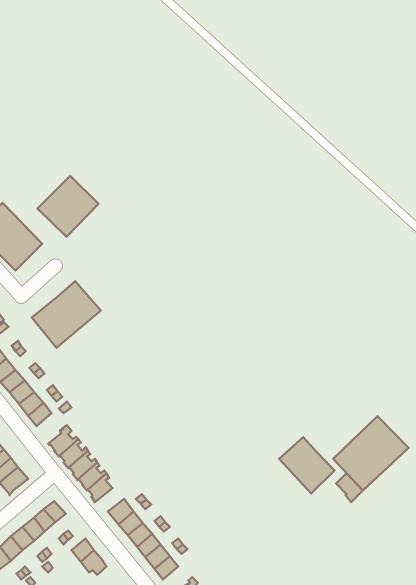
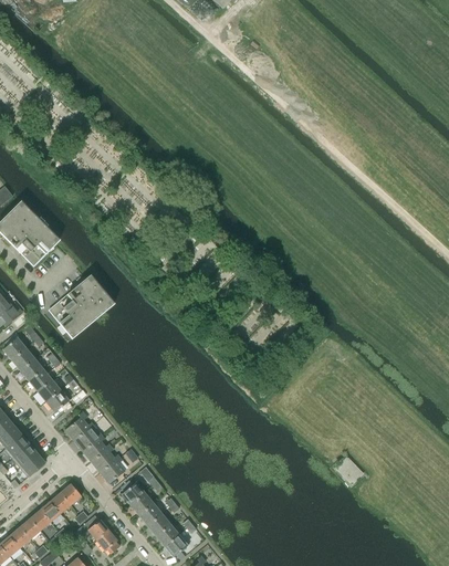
building: [37,176,98,237] -> none
building: [333,416,408,490] -> none
building: [279,437,335,493] -> none

